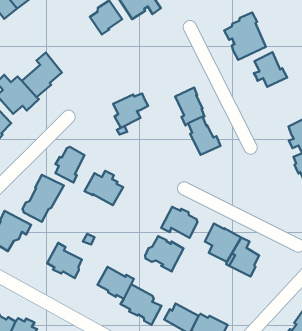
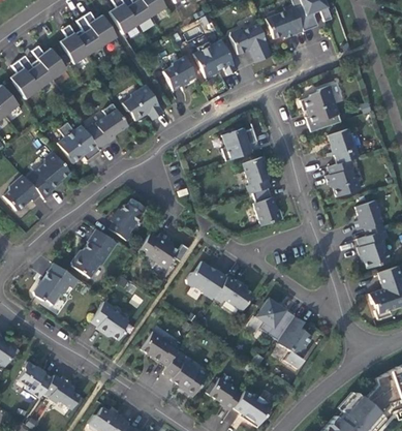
building: none -> [123,85,164,121]
building: none -> [327,159,362,196]
building: [113,94,148,128] -> [222,128,258,161]
building: [145,236,183,272] -> [187,261,227,300]

